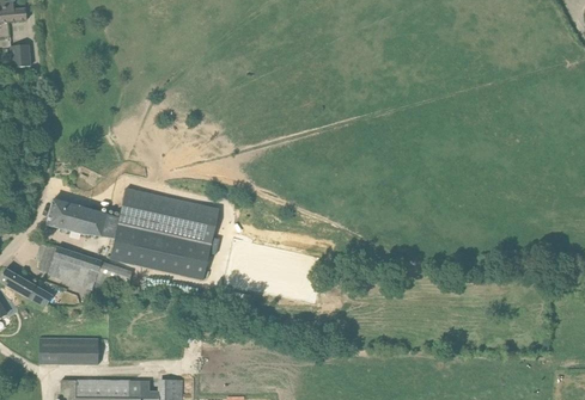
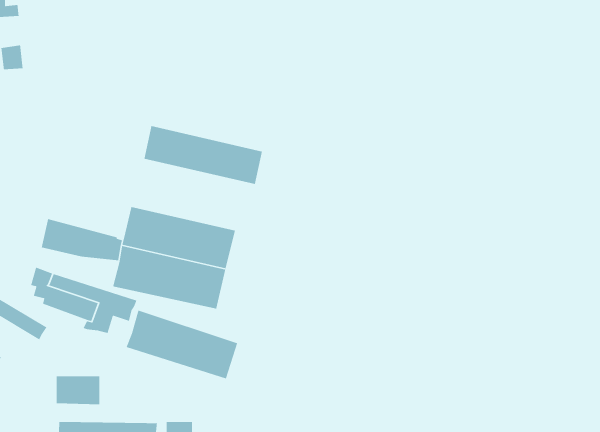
building: none -> [144,125,263,185]
building: none -> [125,309,238,380]
building: [39,337,60,363] -> none

